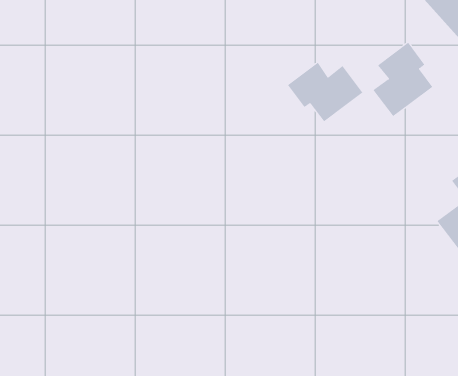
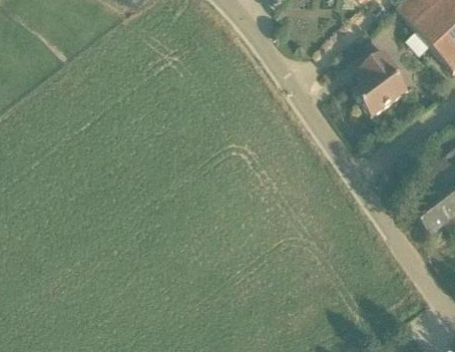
building: [287,62,363,122] -> none

